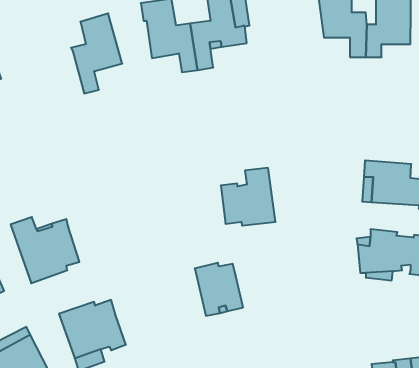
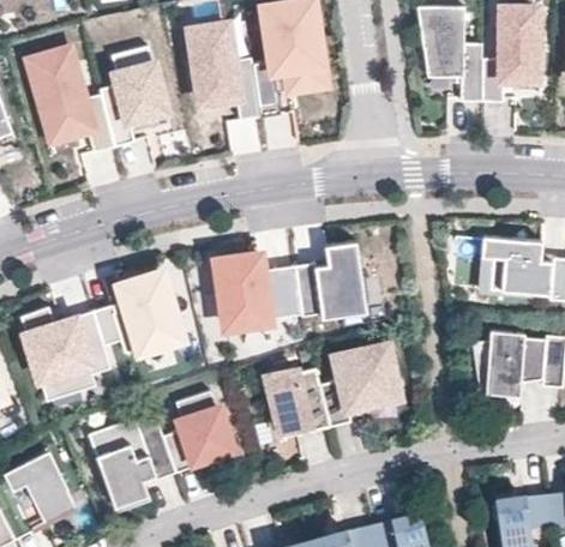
building: none -> [37,53,120,156]
building: none -> [212,253,302,338]
building: none -> [97,276,184,353]
building: none -> [315,345,395,426]
building: none -> [161,391,230,474]

